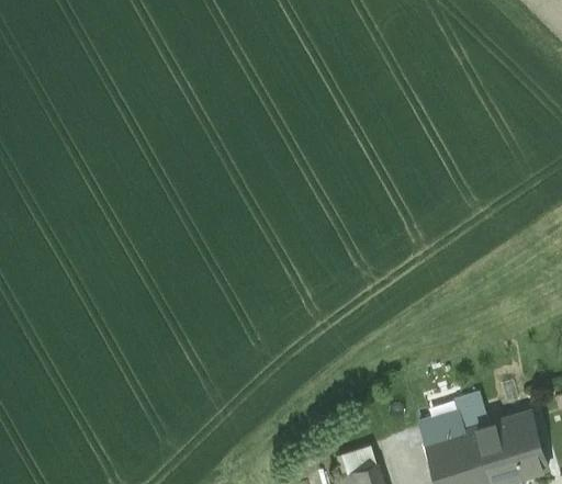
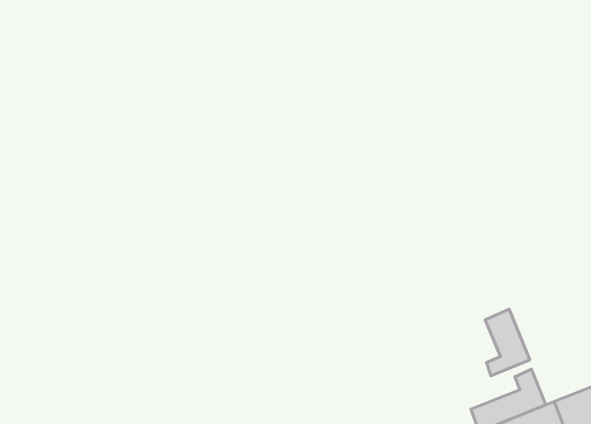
building: none -> [485,309,530,376]

